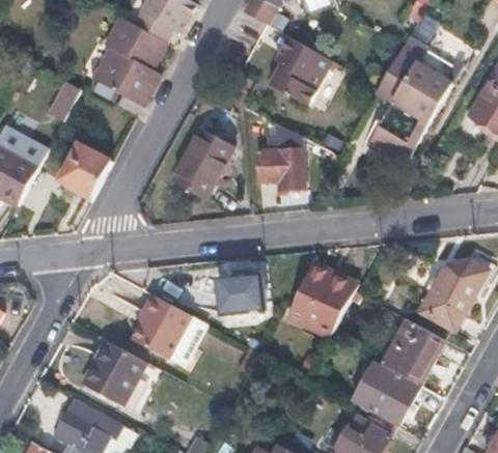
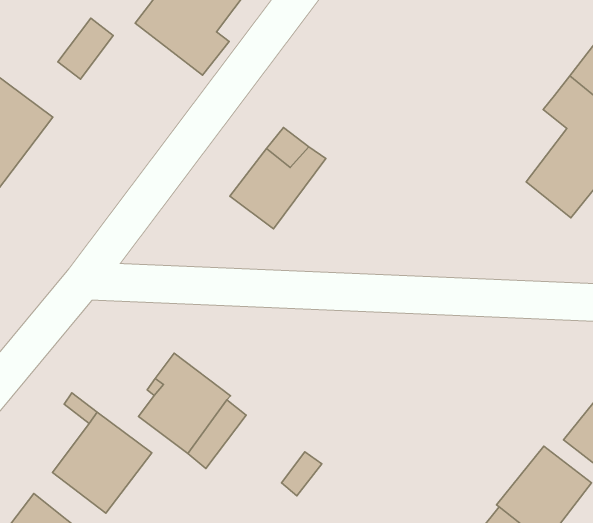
building: [268,38,333,106] -> none
building: [255,130,304,191] -> none
building: [59,141,112,197] -> none
building: [297,261,351,337] -> none
building: [217,277,264,315] -> none

